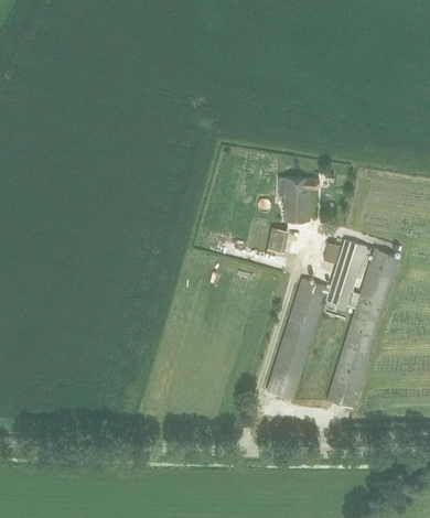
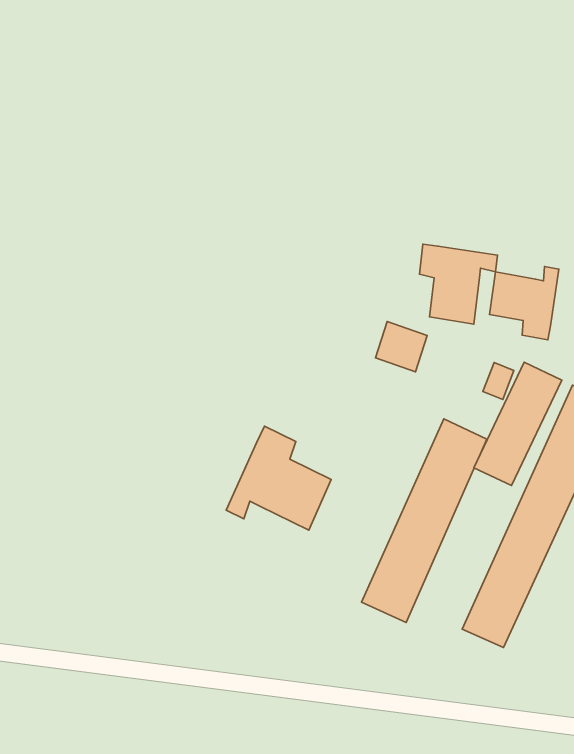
building: none -> [489,266,559,340]
building: none -> [226,426,331,530]

